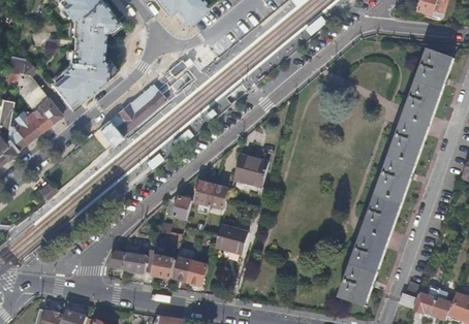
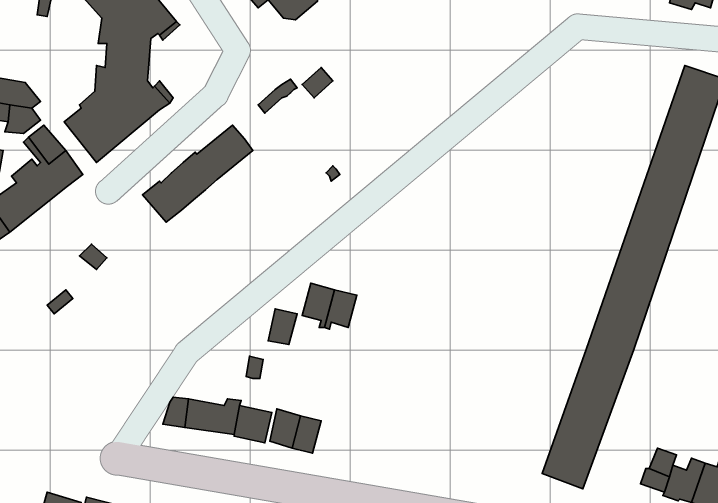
building: [233,152,269,186] -> none
building: [216,224,248,253] -> none

